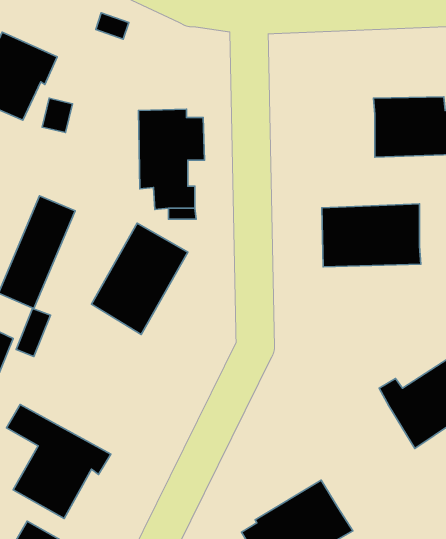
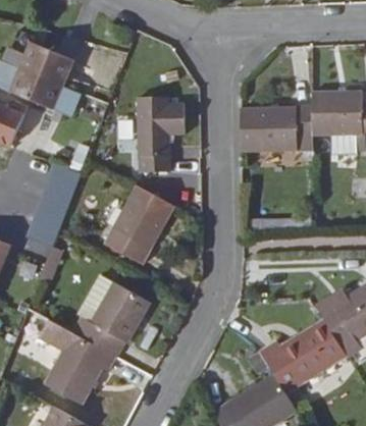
building: [322,204,421,267] -> [239,103,312,150]
building: none -> [70,278,150,355]
building: none -> [257,319,345,394]

